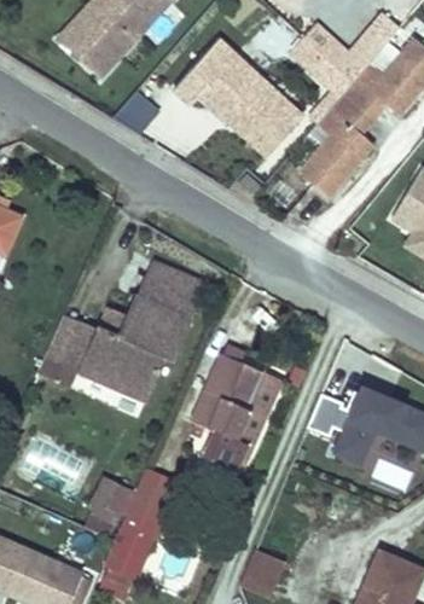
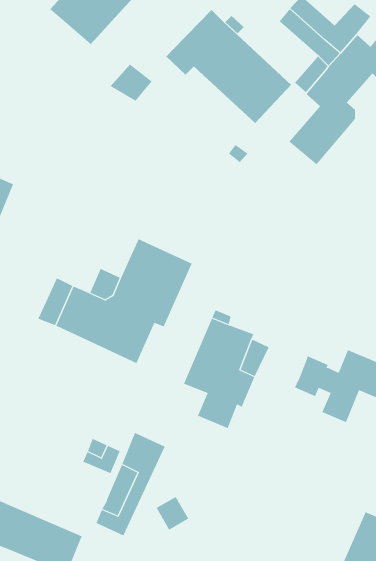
building: [238,550,283,596] -> none

